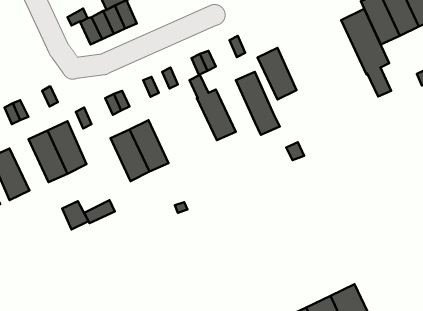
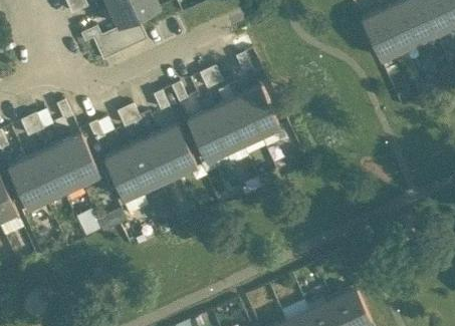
building: [341,9,391,96] -> none
building: [258,48,297,100] -> [223,95,260,144]
building: none -> [187,112,224,161]
building: none -> [159,125,196,175]
building: none -> [104,150,149,215]
building: none -> [26,151,63,201]

